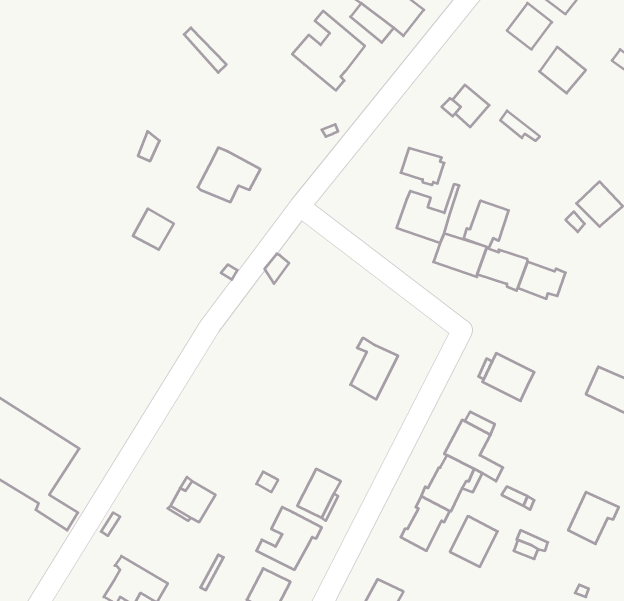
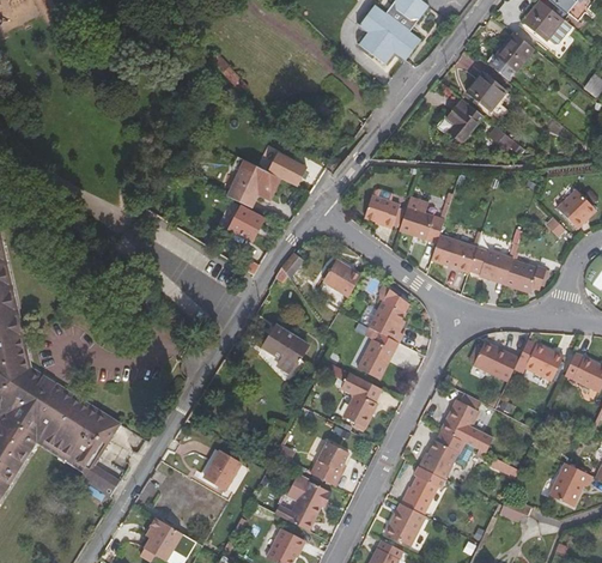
building: [292,11,365,90] -> none
building: [539,47,586,93] -> [466,71,506,111]
building: none -> [267,150,308,186]
building: [401,148,444,185] -> [363,195,401,228]
building: [464,201,509,248] -> none
building: [133,209,174,250] -> [227,205,263,241]
building: none -> [322,259,360,296]
building: none -> [369,284,409,341]
building: none -> [262,325,306,371]
building: none -> [512,339,563,380]
building: none -> [322,361,381,428]
building: [450,516,498,567] -> [384,501,426,545]

